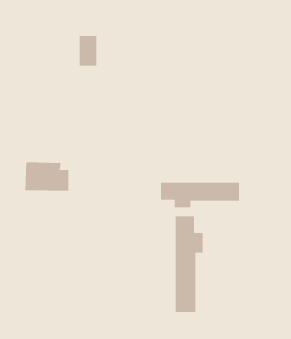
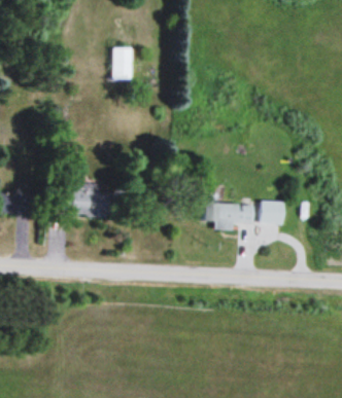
building: [175,215,203,313] -> none

